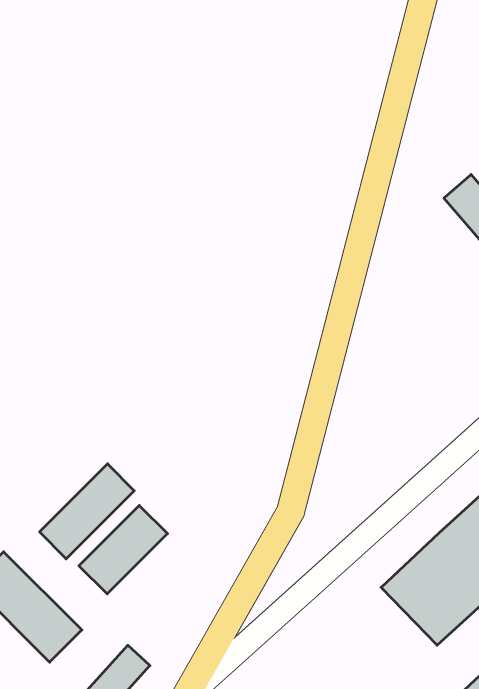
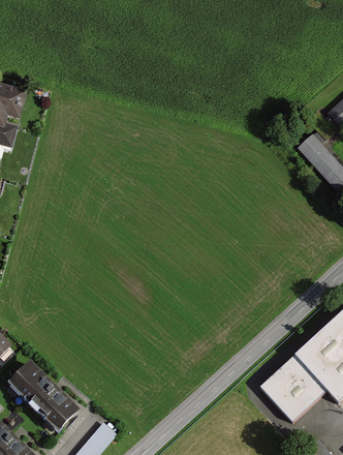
building: [40,464,134,559] -> none
building: [79,505,168,594] -> none

